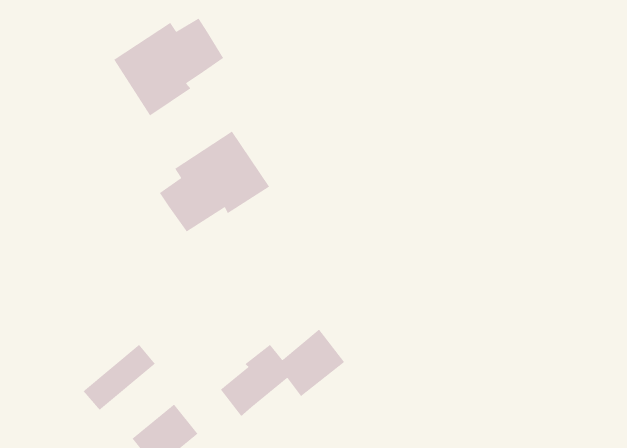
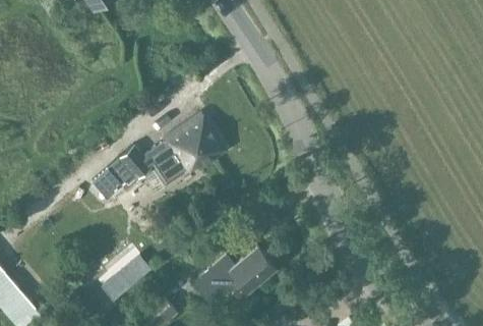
building: [113,18,224,117] -> none
building: none -> [94,148,152,199]

